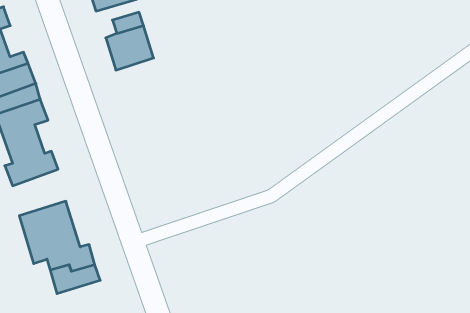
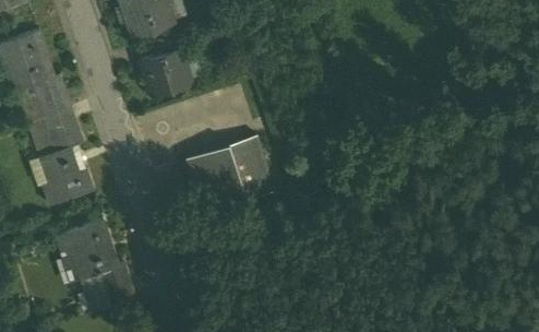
building: none -> [184,135,273,213]

